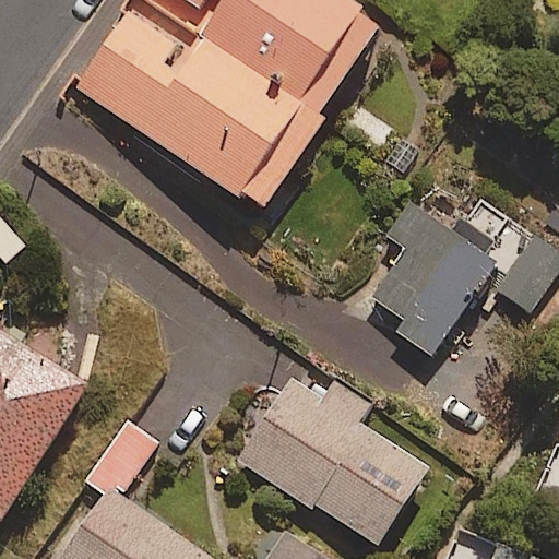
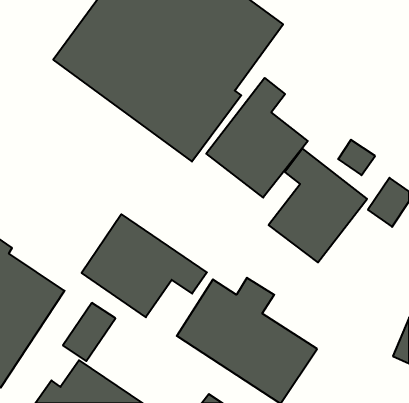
building: none -> [206,78,308,198]
building: none -> [82,214,207,317]

